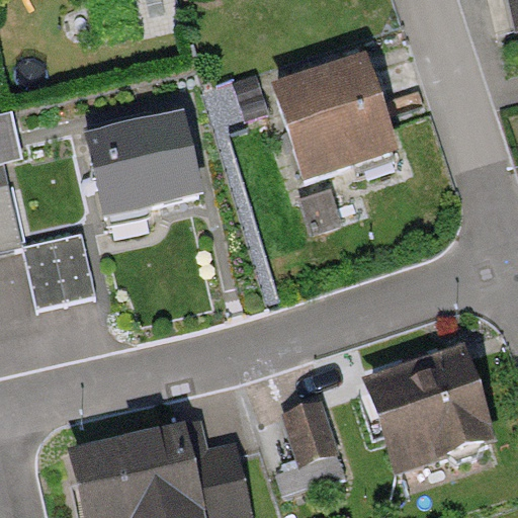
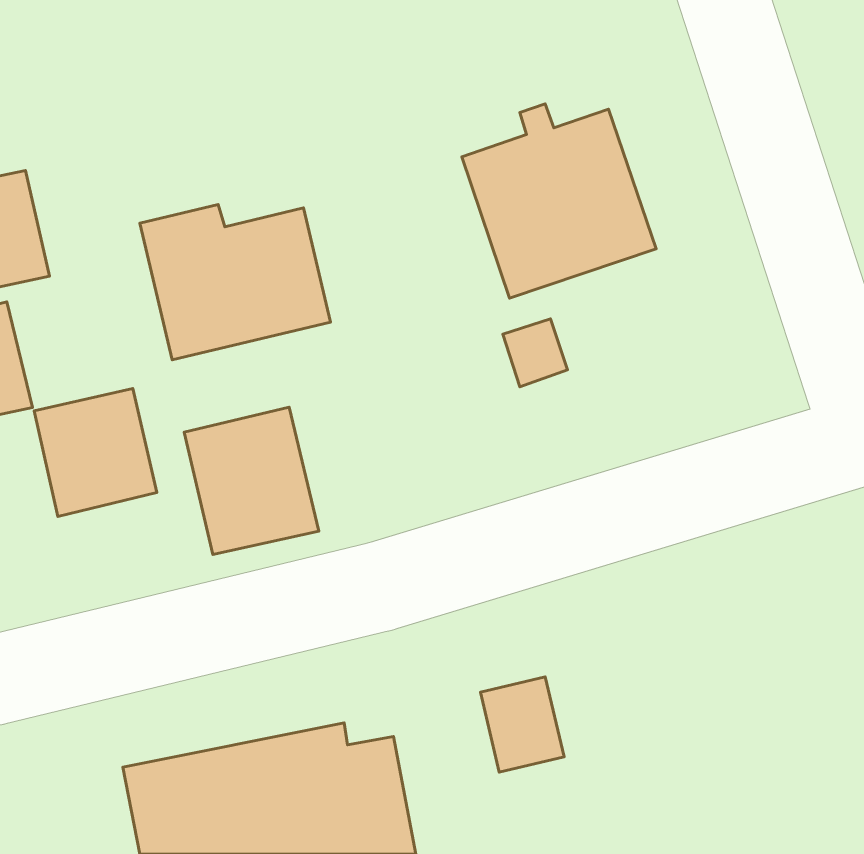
building: none -> [184,407,319,555]
building: [370,350,503,481] -> none

